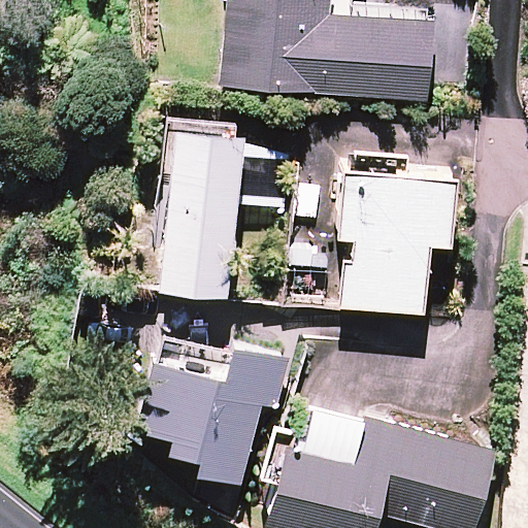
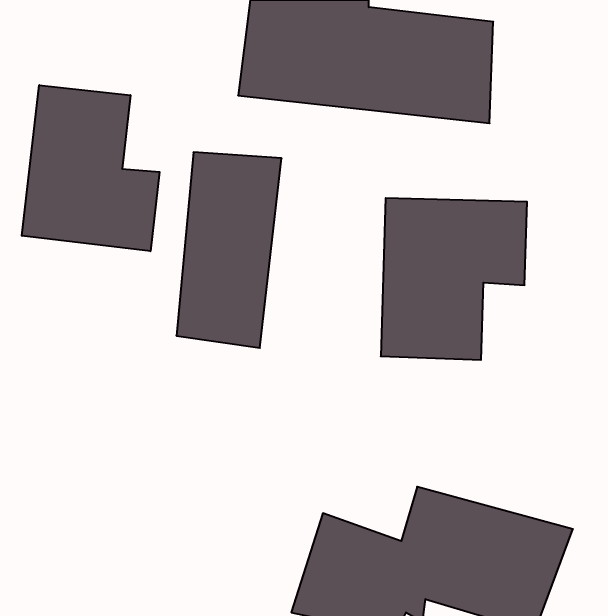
building: none -> [22,85,160,251]
building: [128,340,292,490] -> none

